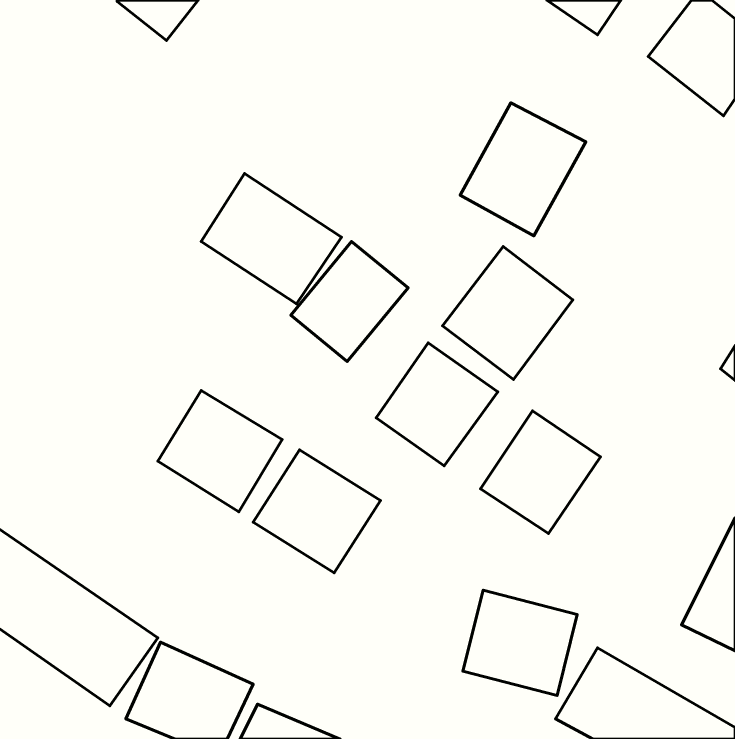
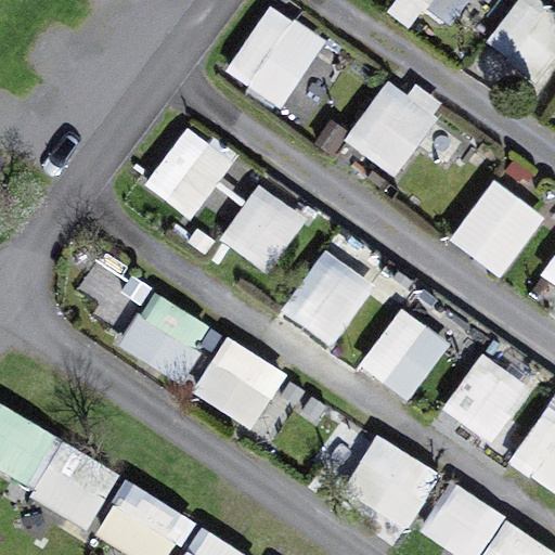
building: none -> [227,4,326,109]
building: [442,246,573,379] -> [449,179,546,279]
building: none -> [440,351,535,448]

